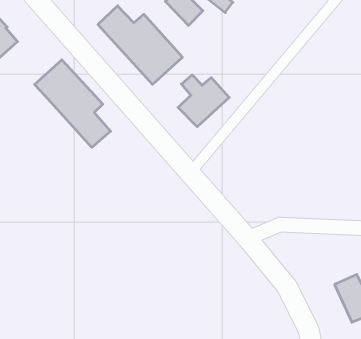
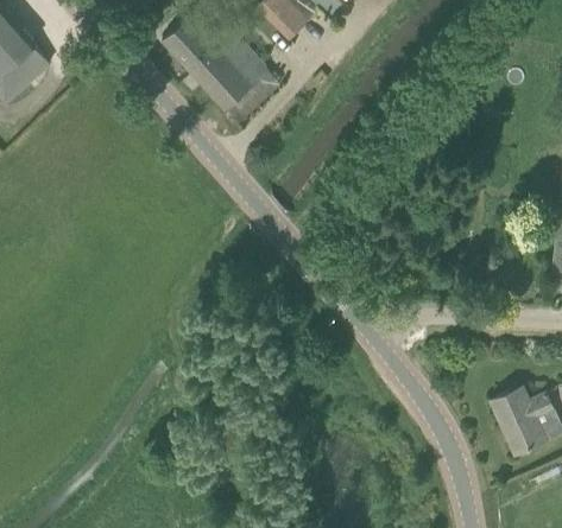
building: [35,60,111,147] -> none
building: [178,75,229,127] -> none

